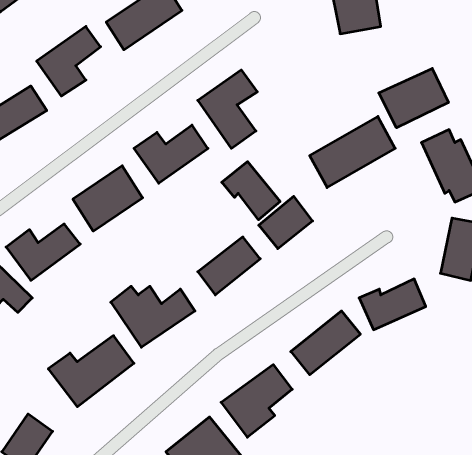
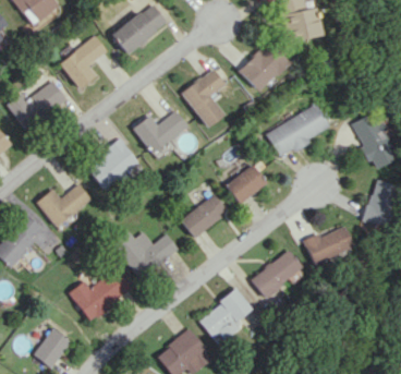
building: none -> [238,41,287,92]
building: [379,68,448,128] -> none
building: [222,162,280,220] -> none

